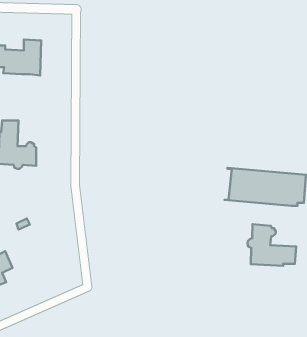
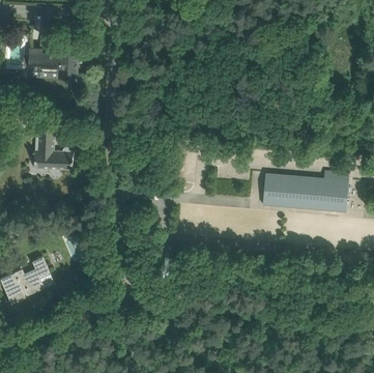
building: [248,224,296,266] -> none

